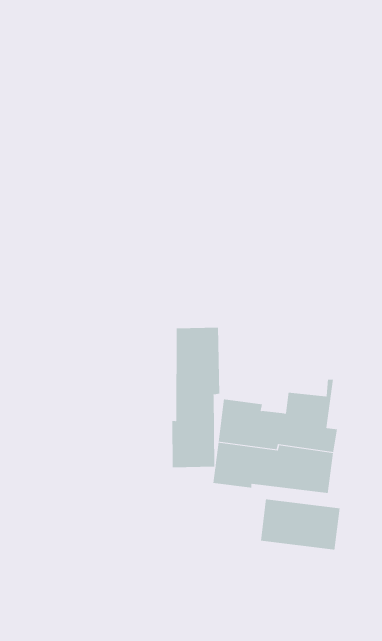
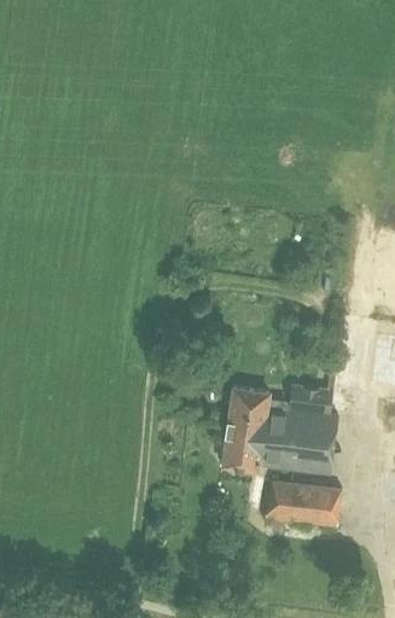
building: [172,327,220,468] -> none

